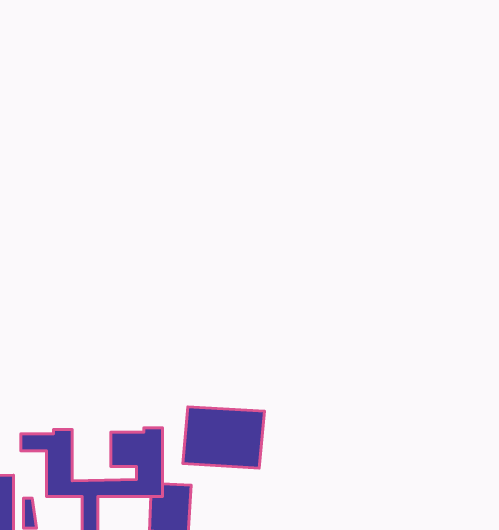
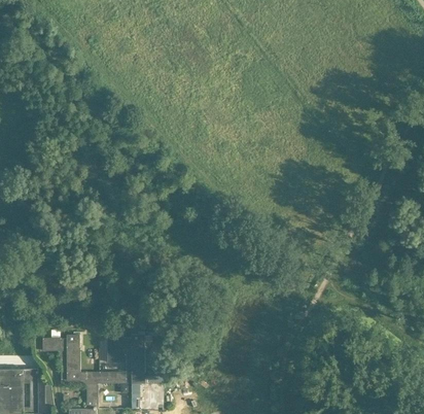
building: [183,407,264,468] -> none

